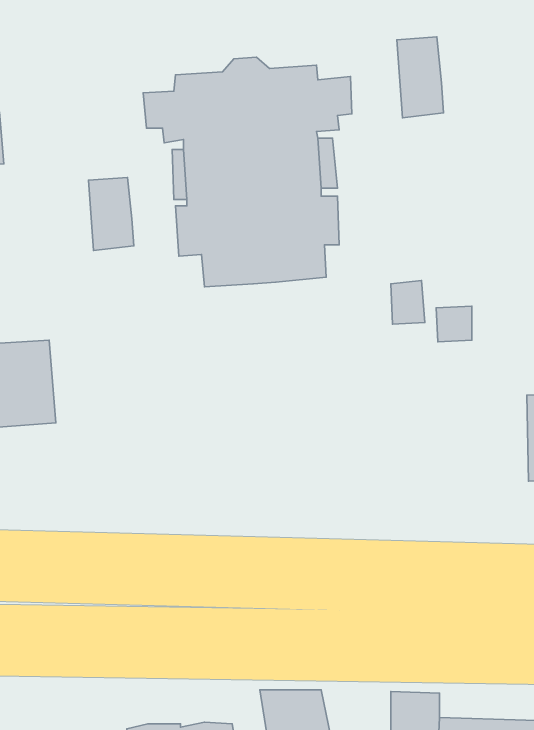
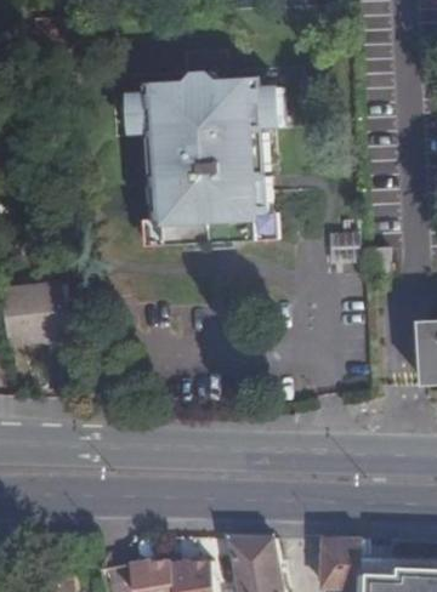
building: [397,37,444,118] -> none
building: [88,177,134,250] -> none

